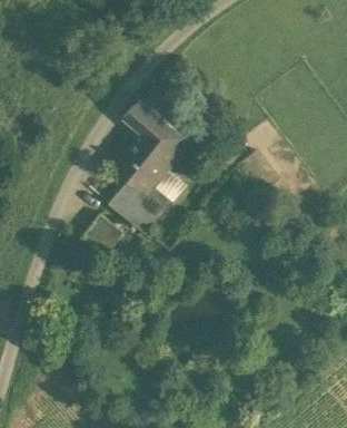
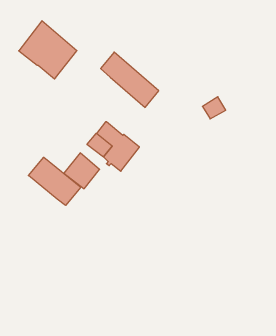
building: [110,124,177,191] -> [19,21,77,79]
building: none -> [28,157,81,205]

